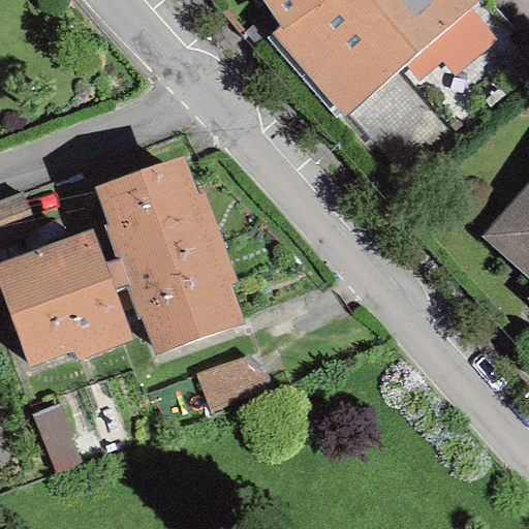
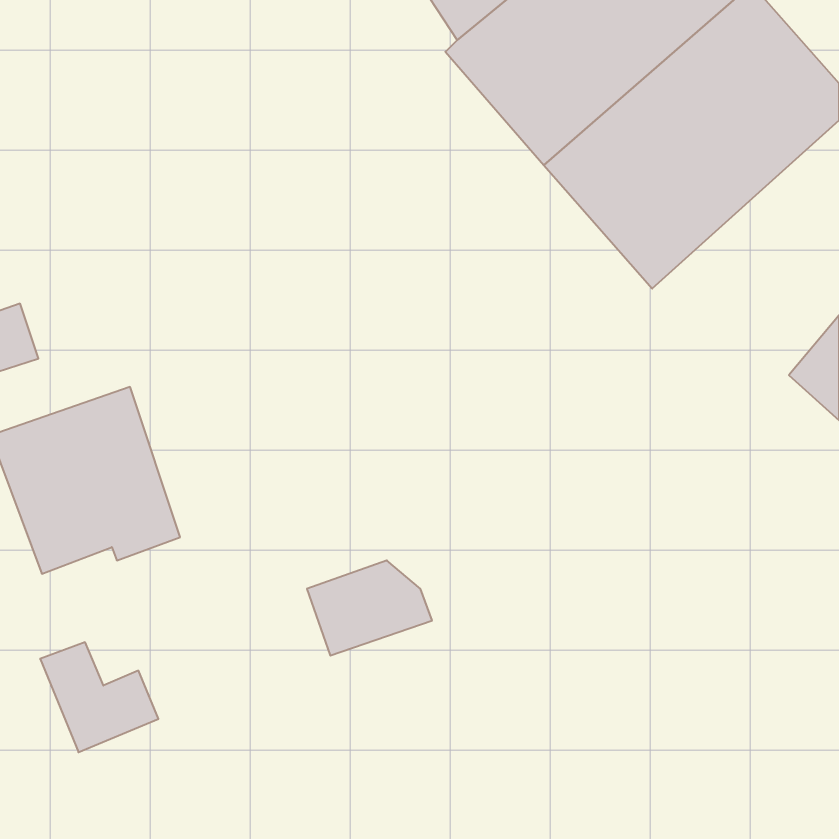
building: [98,163,225,346] -> none

